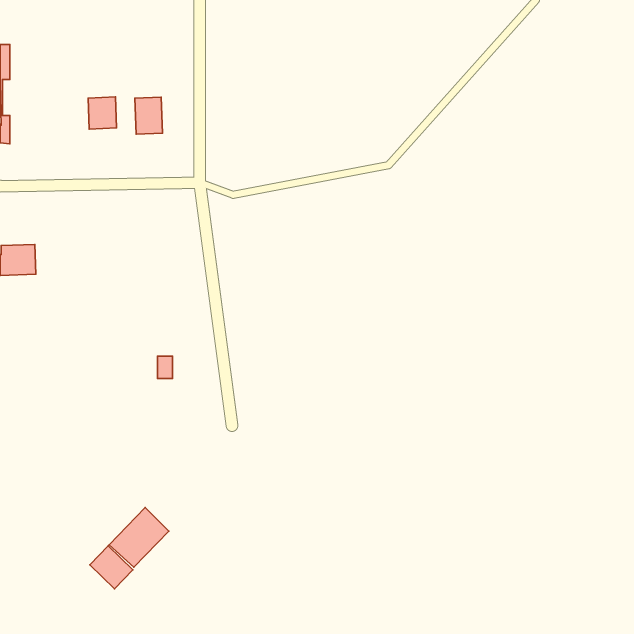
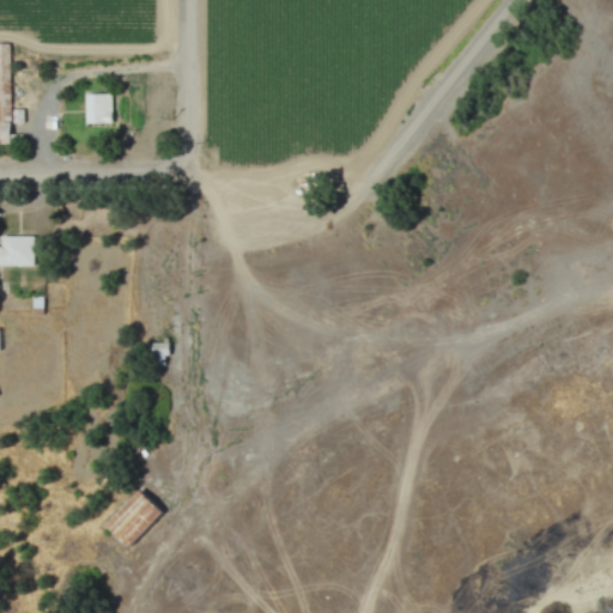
building: [135,97,163,134] -> none
building: [90,546,133,589] -> none

